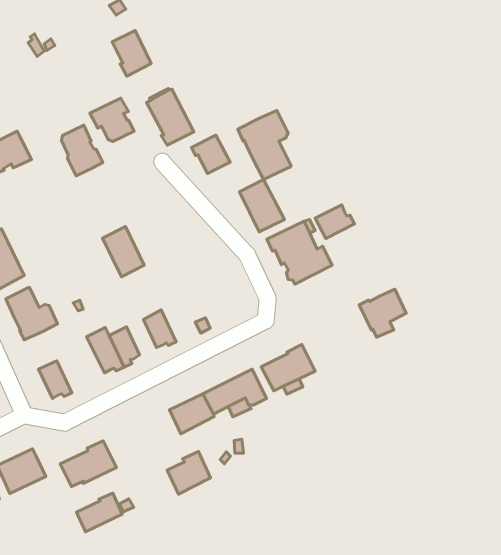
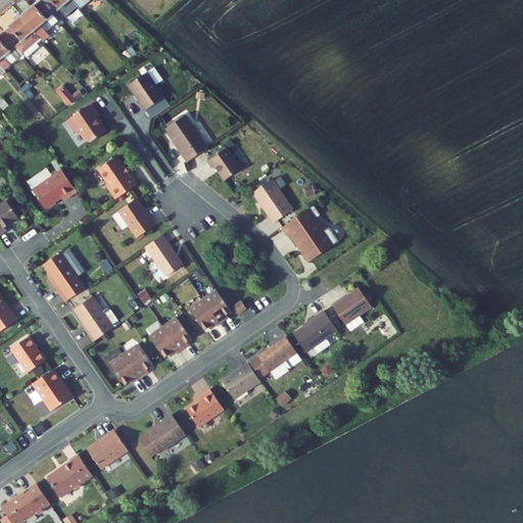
building: [90,98,134,141] -> [66,103,105,140]
building: [238,111,291,179] -> none
building: none -> [120,198,154,238]
building: [315,205,355,239] -> none
building: [359,289,406,337] -> [331,287,371,329]
building: none -> [202,289,231,323]
building: none -> [123,344,151,378]
building: [167,451,211,494] -> [186,388,223,426]
building: [77,493,122,532] -> none

